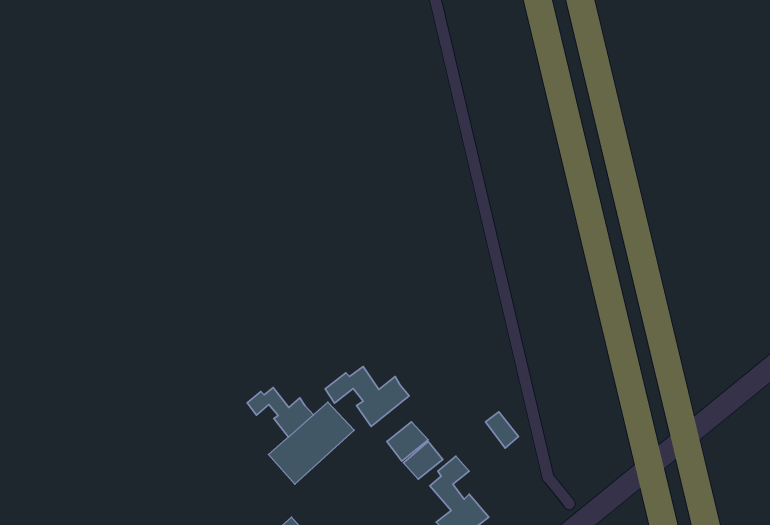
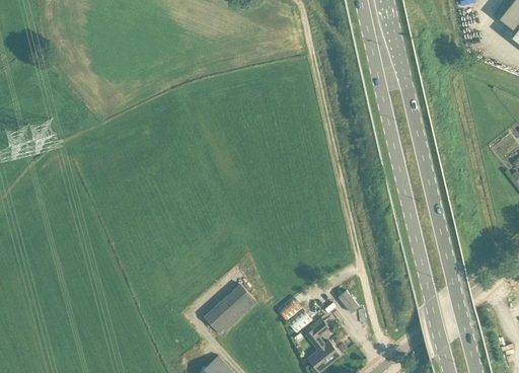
building: [325,366,409,427] -> none
building: [247,388,313,437] -> none

